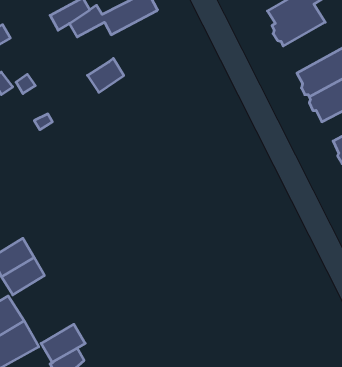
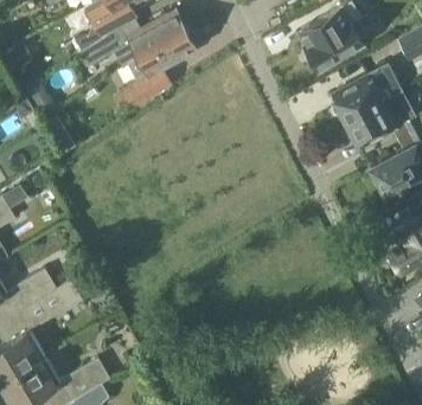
building: none -> [128,30,196,78]

